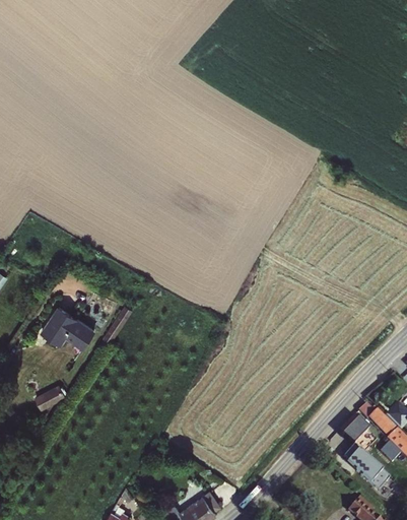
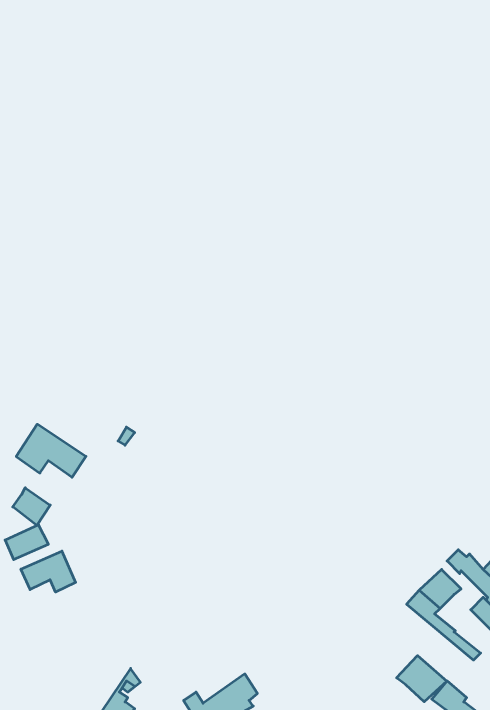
building: none -> [13,488,50,526]
building: none -> [21,551,76,592]
building: none -> [397,656,447,702]

